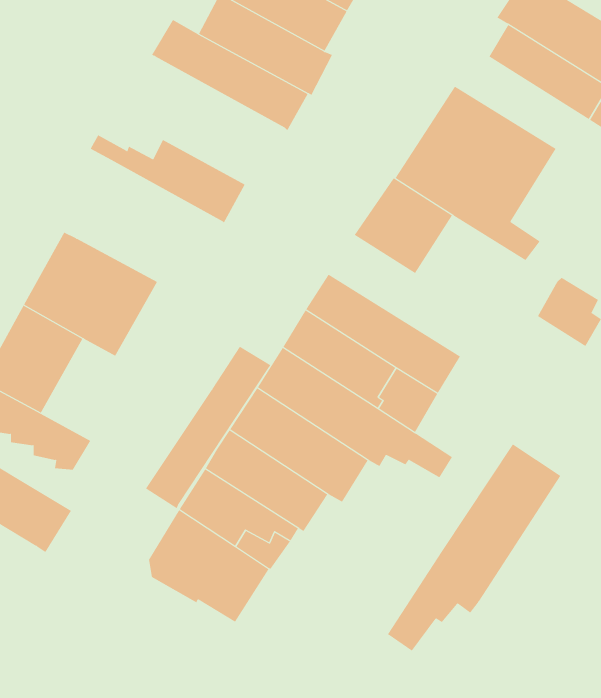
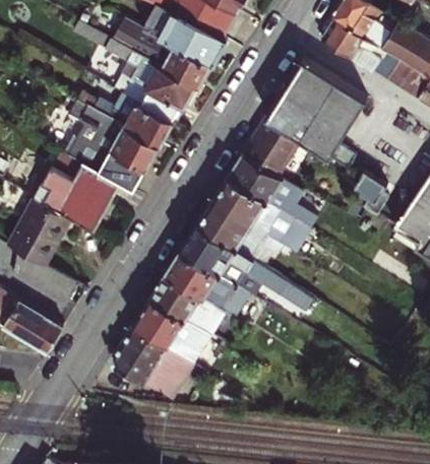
building: none -> [102,37,197,125]
building: none -> [67,108,159,192]
building: none -> [225,154,315,230]
building: [145,346,271,509] -> none
building: [387,443,561,651] -> none

